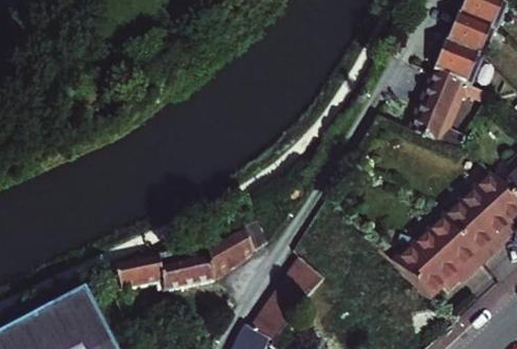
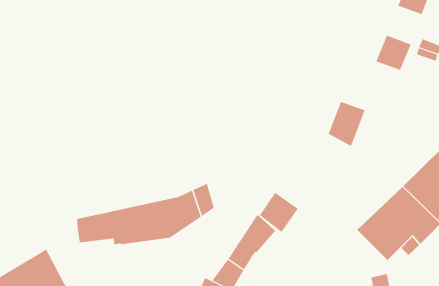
building: [434,36,471,77] -> none
building: [409,94,449,142] -> [328,101,365,147]
building: none -> [259,192,299,233]

